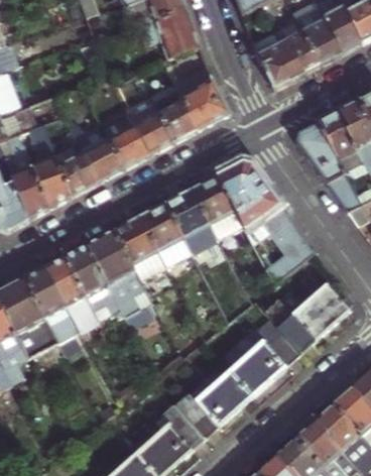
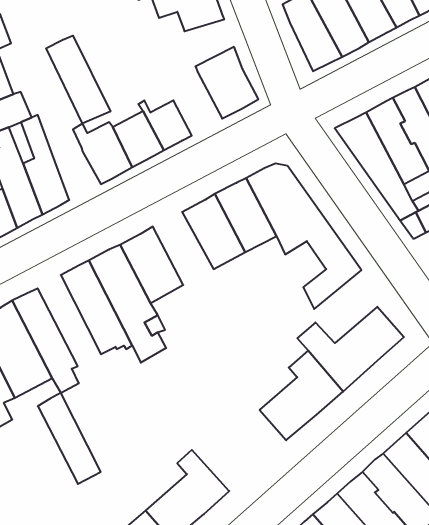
building: none -> [46,36,110,123]
building: [157,88,198,140] -> none
building: [58,150,97,194] -> none
building: [140,204,191,264] -> none
building: [44,256,97,332] -> [38,393,101,484]
building: [172,368,251,436] -> none

